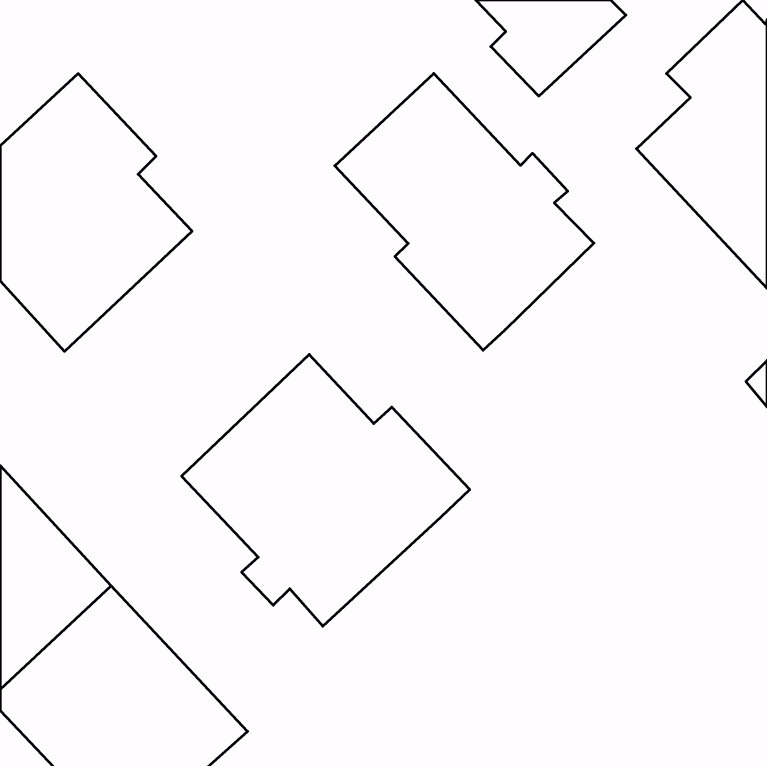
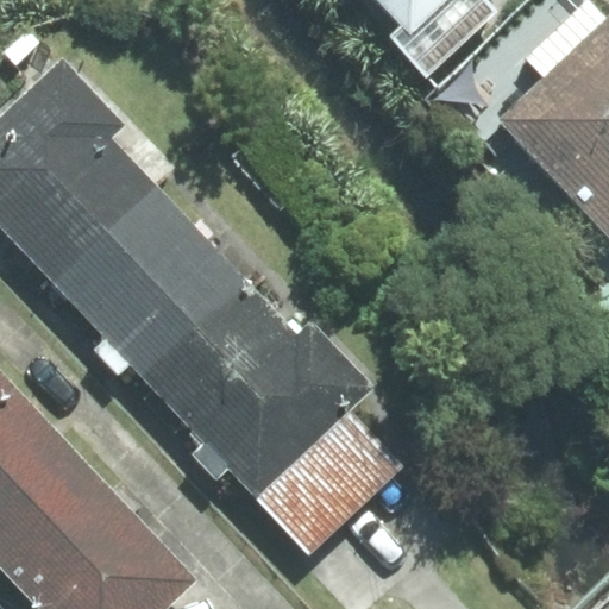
building: [335,73,594,350] -> none
building: none -> [51,184,245,378]
building: none -> [256,410,402,553]

